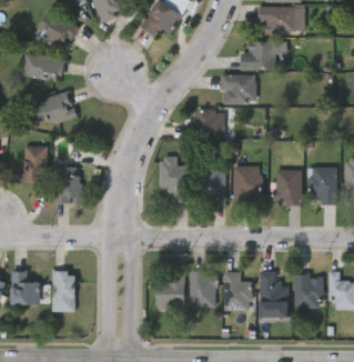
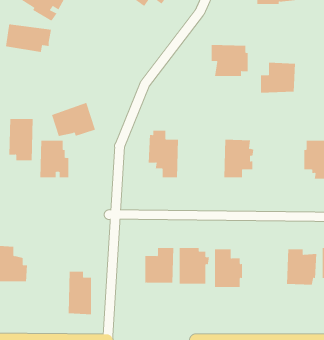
building: [241,40,275,70] -> [260,62,296,93]
building: [33,90,77,123] -> [51,102,96,137]
building: [186,109,224,139] -> none
building: [275,169,302,207] -> none
building: [194,170,225,205] -> none
building: [51,270,74,312] -> [68,271,92,315]
building: [259,271,289,319] -> none

